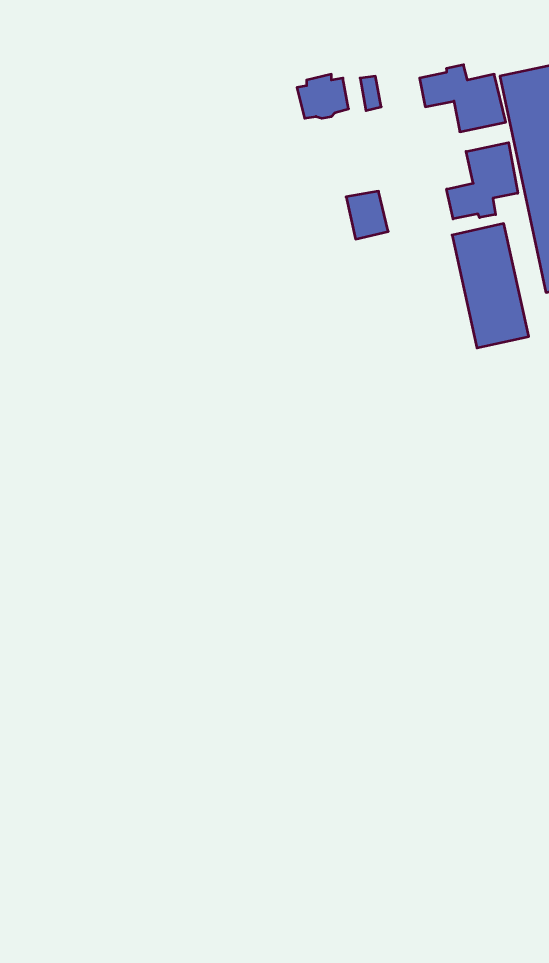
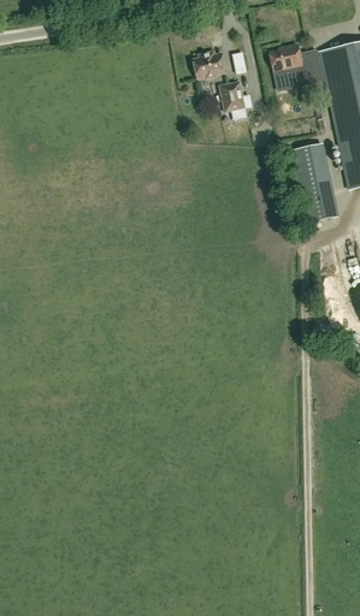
building: [447,143,518,219] -> none
building: [346,191,388,239] -> [218,81,244,111]

